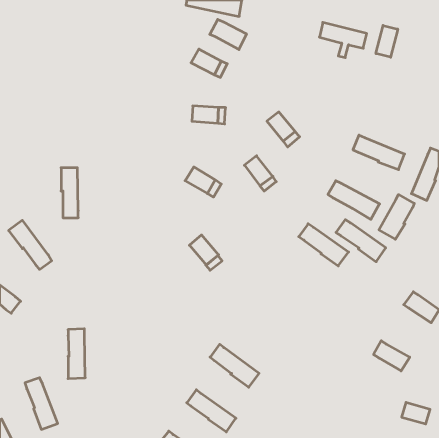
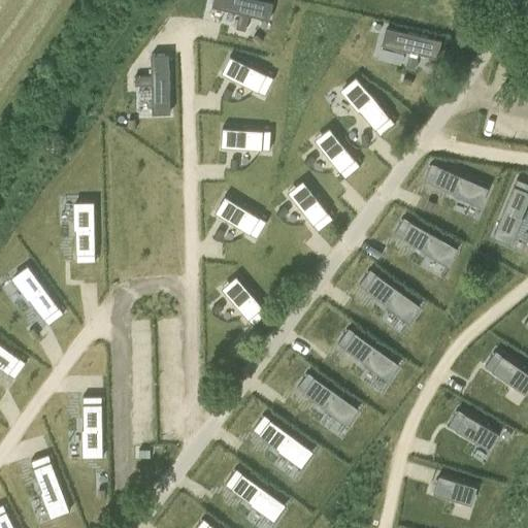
building: [210,19,246,50] -> none
building: [376,25,398,57] -> none
building: none -> [151,69,173,122]
building: none -> [355,91,390,127]
building: [379,195,414,239] -> none
building: [336,220,386,262] -> [336,329,396,380]
building: none -> [296,373,356,424]
building: [402,402,430,424] -> [433,476,467,502]

